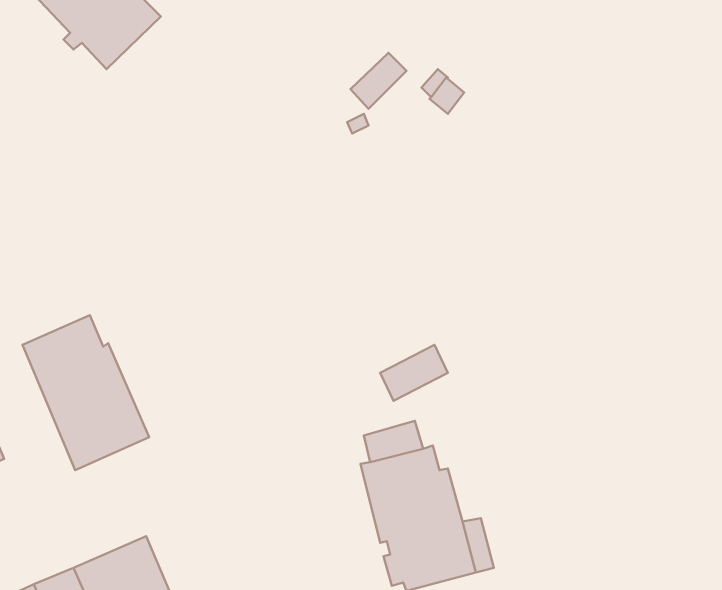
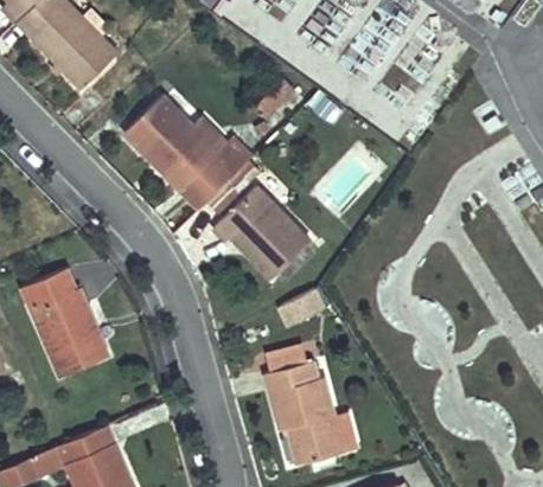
building: none -> [123,94,254,210]
building: none -> [212,185,312,280]

